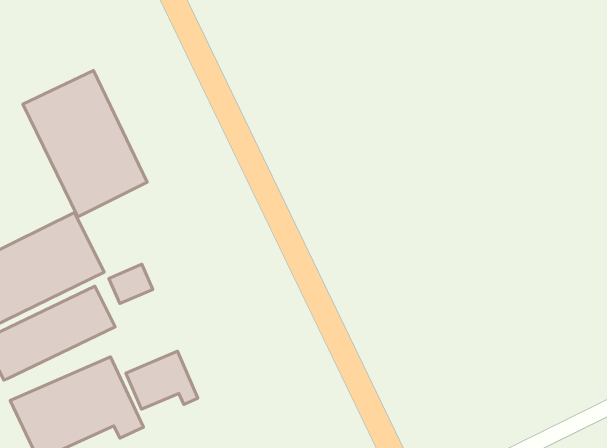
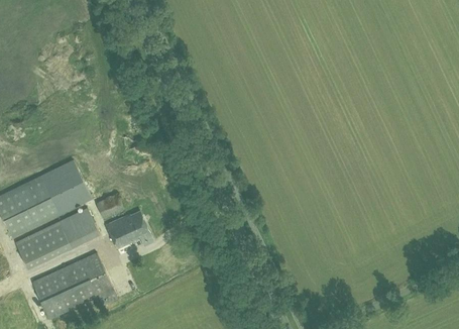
building: [23,70,147,217] -> none
building: [126,351,198,409] -> [106,210,152,247]

